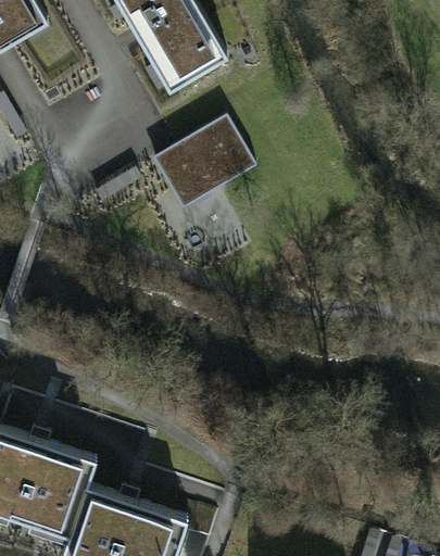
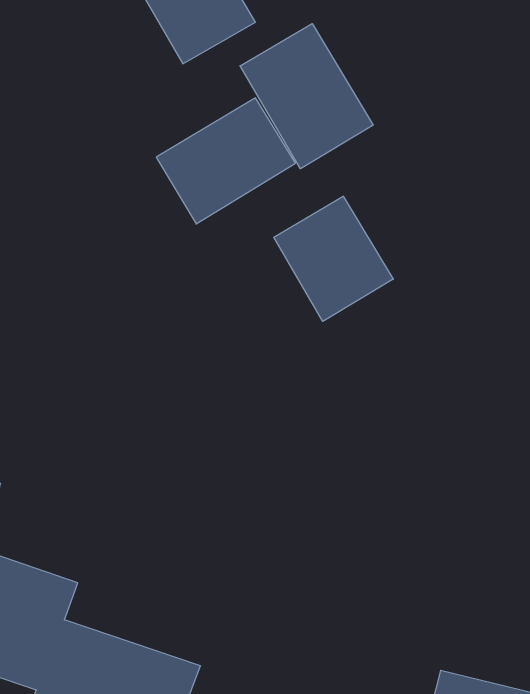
building: none -> [240,24,373,169]
building: none -> [274,196,393,321]

